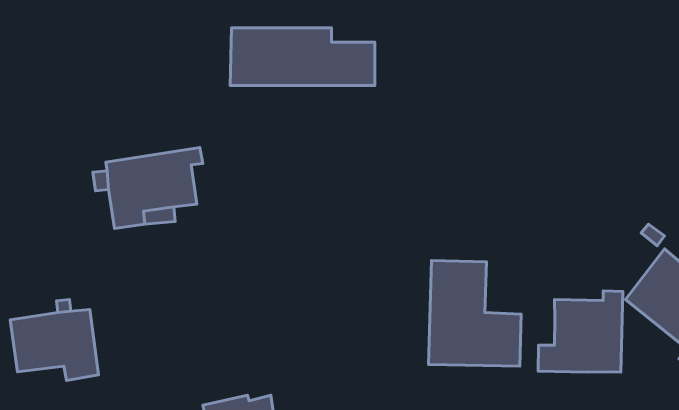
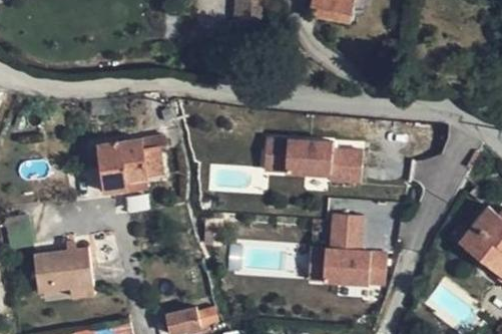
building: [230,28,375,86] -> [262,138,362,179]
building: [538,291,623,372] -> none

